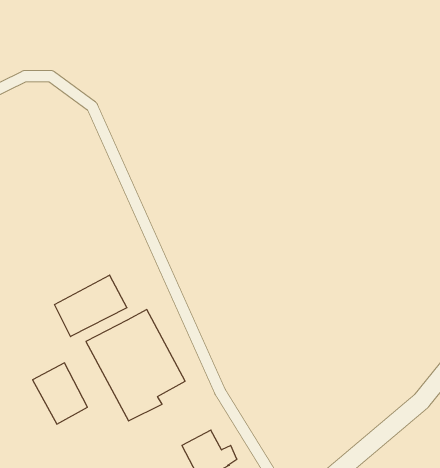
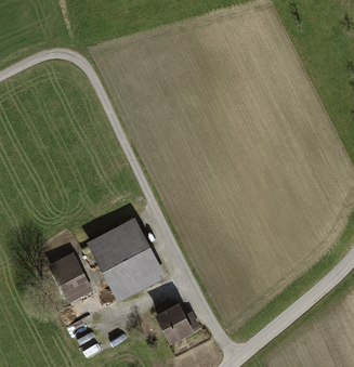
building: [55,275,127,337] -> none

